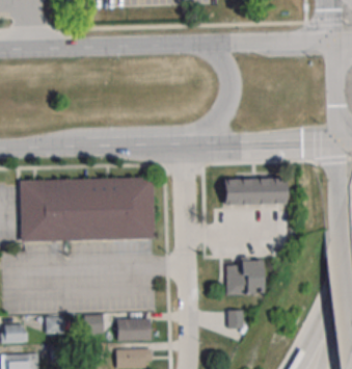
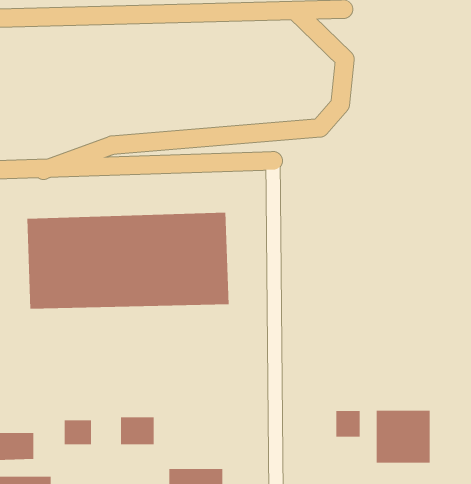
building: [222,177,285,204] -> none
building: [225,258,262,293] -> [376,410,431,463]
building: [114,317,151,339] -> none

